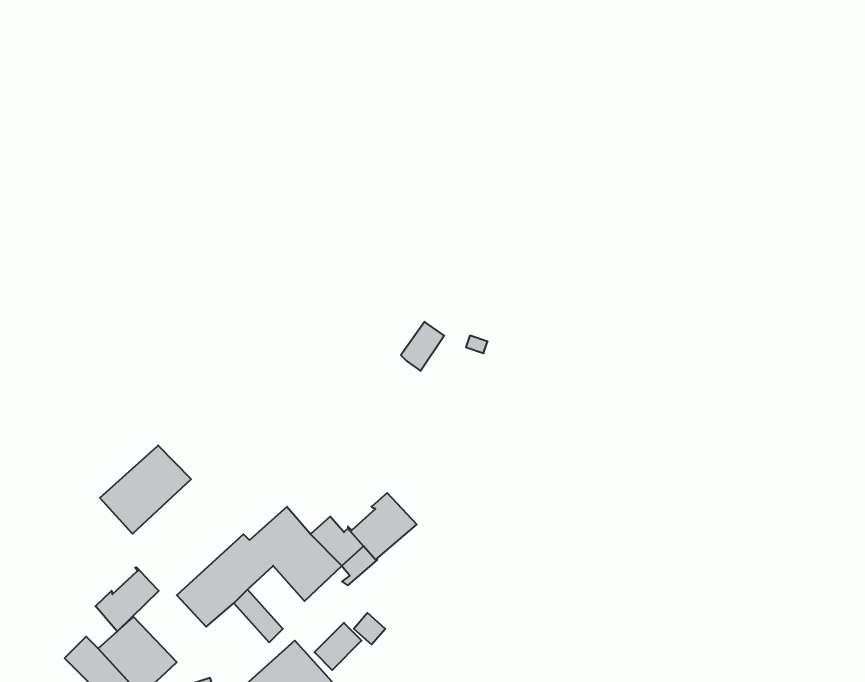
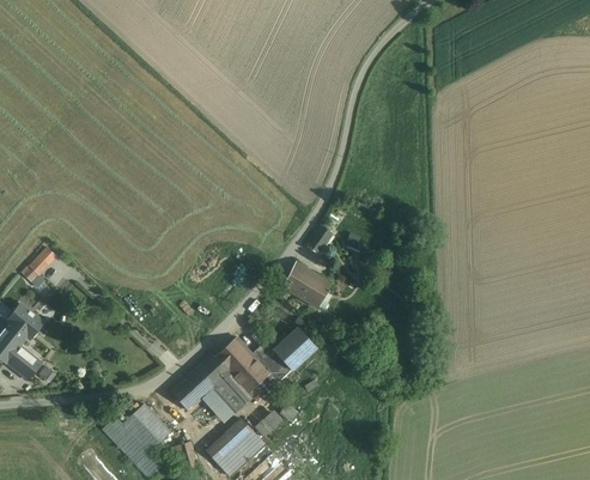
building: none -> [281,262,333,308]
building: [100,445,191,534] -> none
building: none -> [213,373,250,412]
building: [95,567,159,631] -> none

